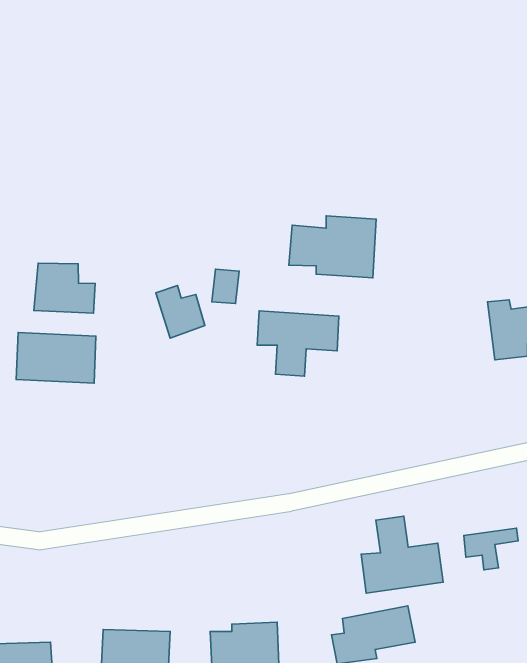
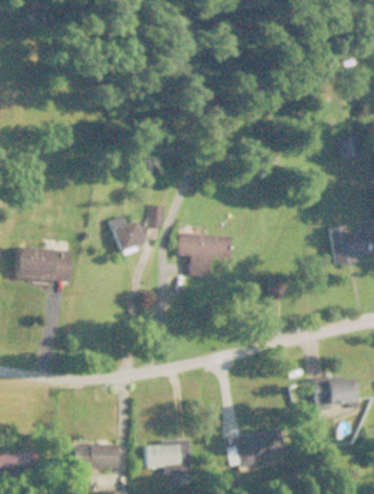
building: [289,216,376,278] -> none
building: [34,263,95,313] -> none
building: [361,516,443,593] -> none

